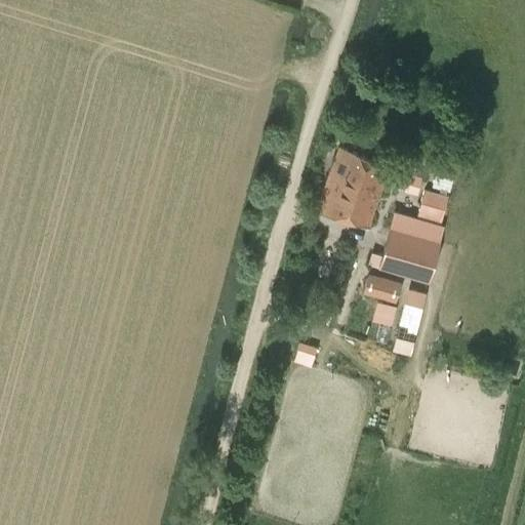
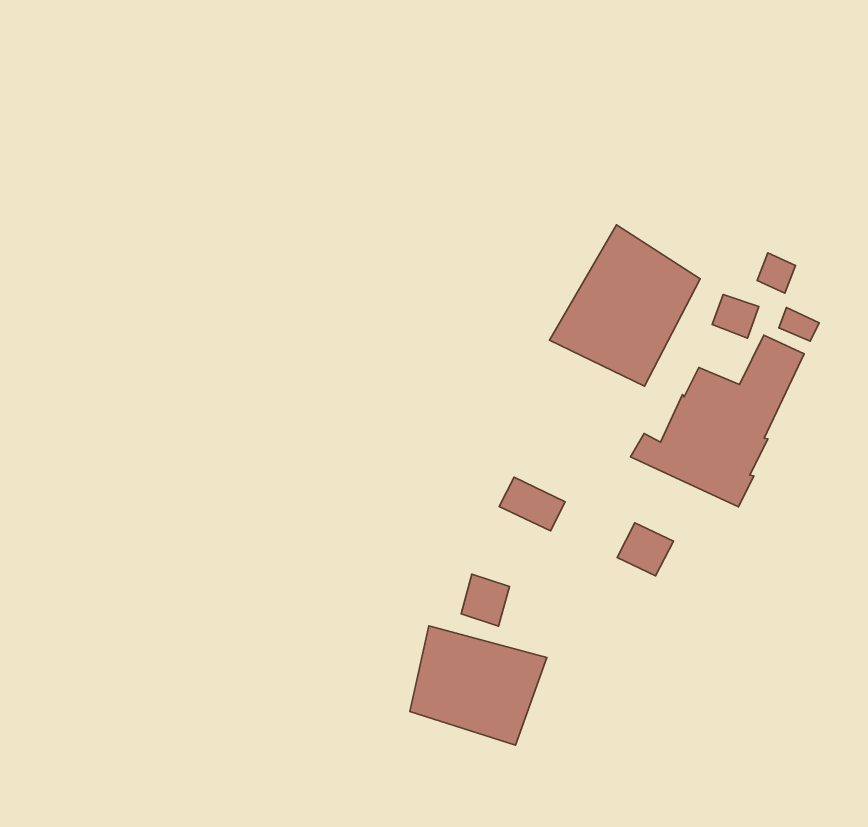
building: [365,279,399,304] -> [499,477,565,531]
building: none -> [410,626,547,745]

